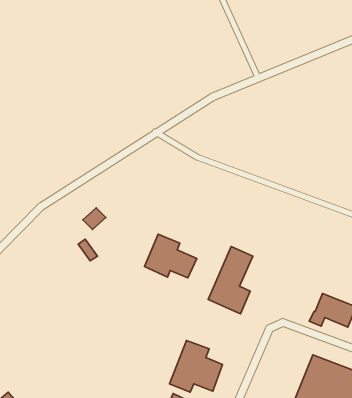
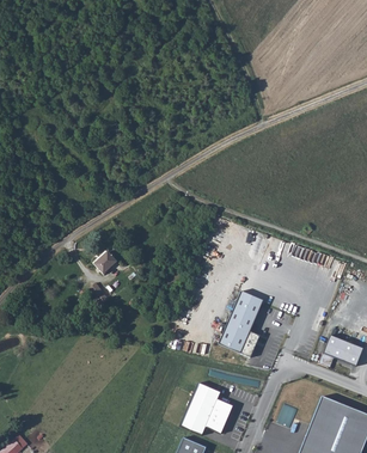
building: [144,234,197,278] -> none

